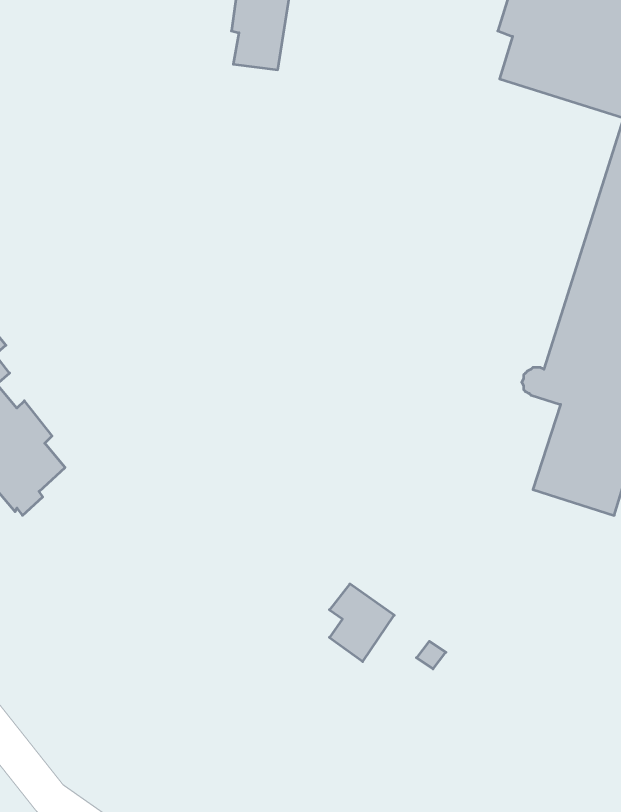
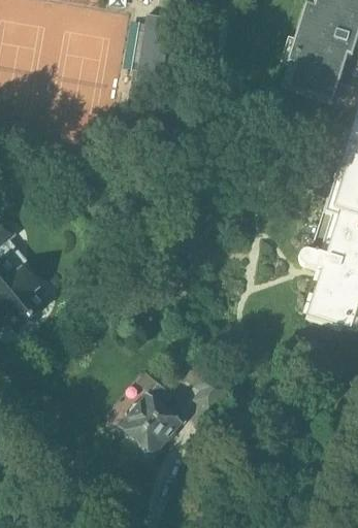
building: none -> [124,370,181,451]

